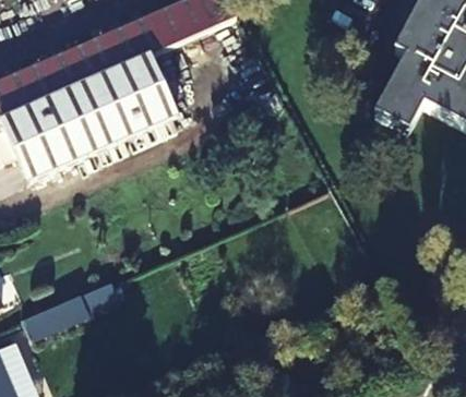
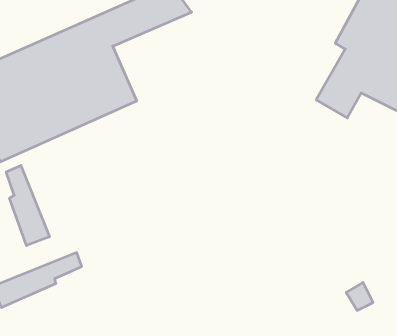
building: none -> [6,165,49,246]

